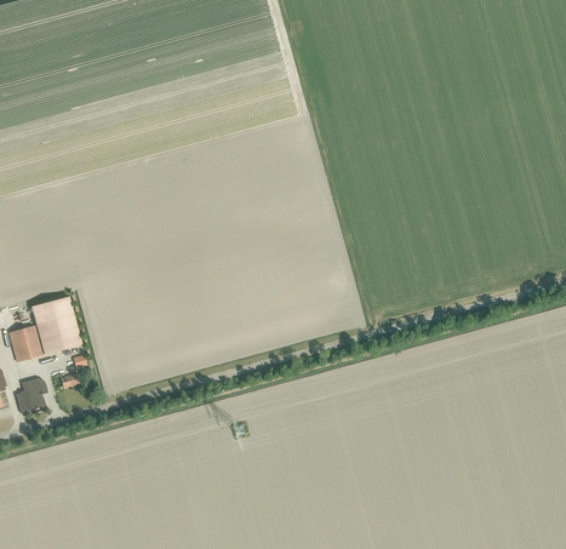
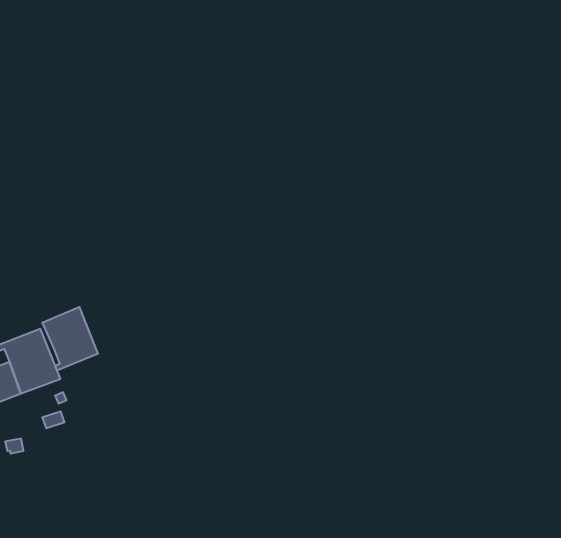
building: none -> [42,307,98,371]

